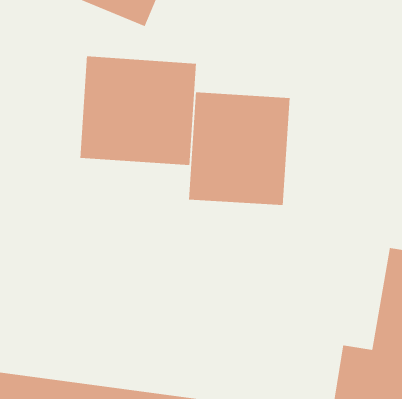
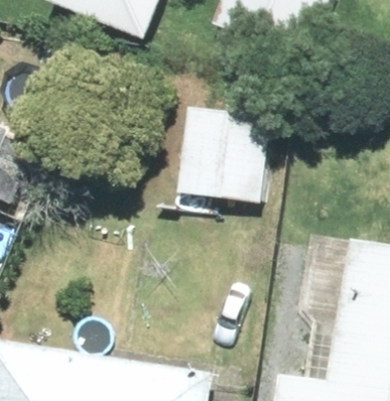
building: [80,56,196,166] -> none

